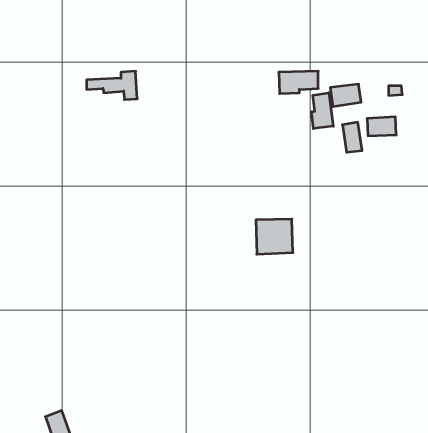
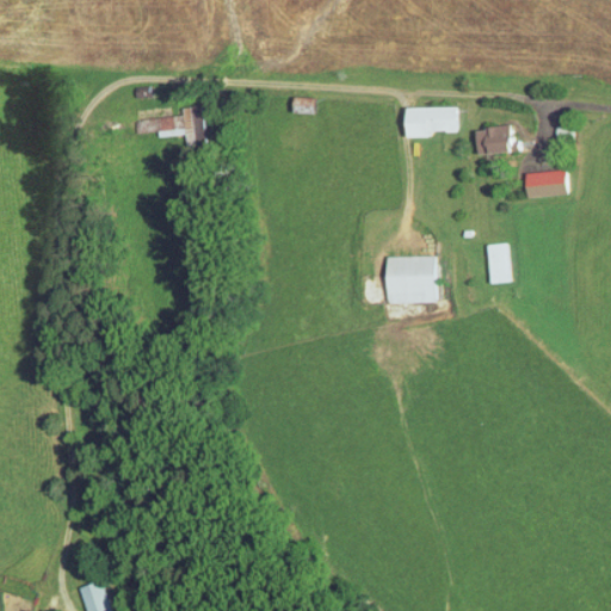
building: [312,93,333,129] -> none
building: [342,122,362,152] -> [485,242,512,284]
building: [256,219,293,254] -> [385,255,437,304]

